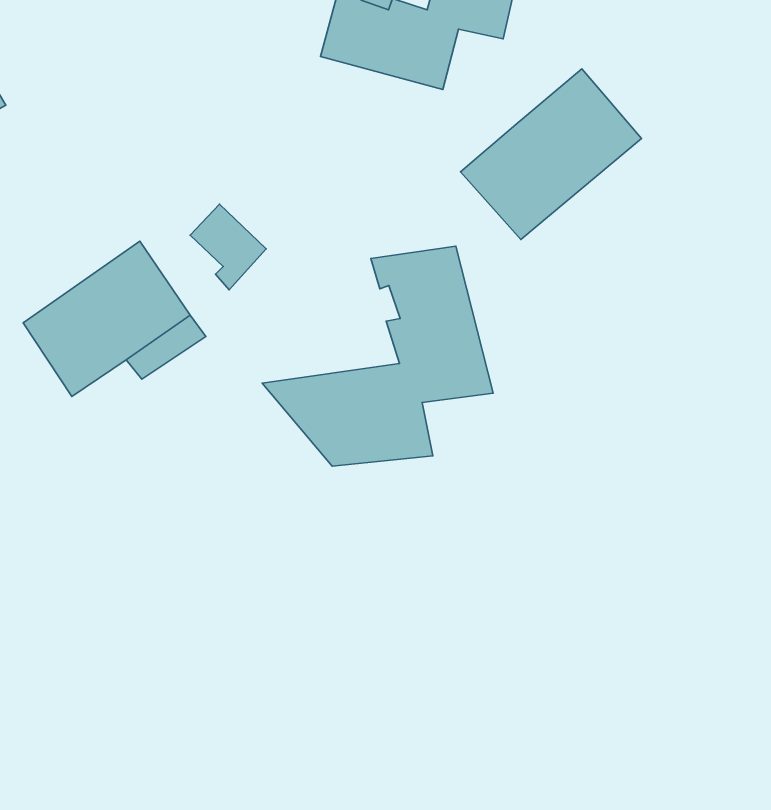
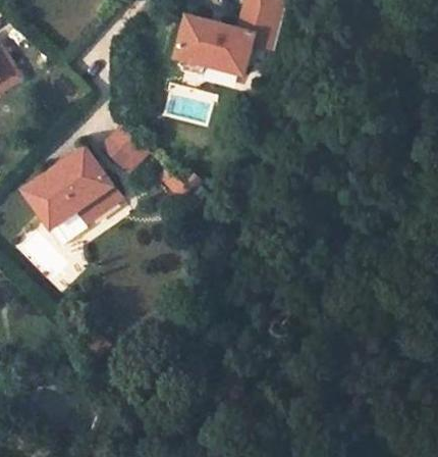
building: [461,69,641,239] -> none
building: [262,246,493,466] -> none

